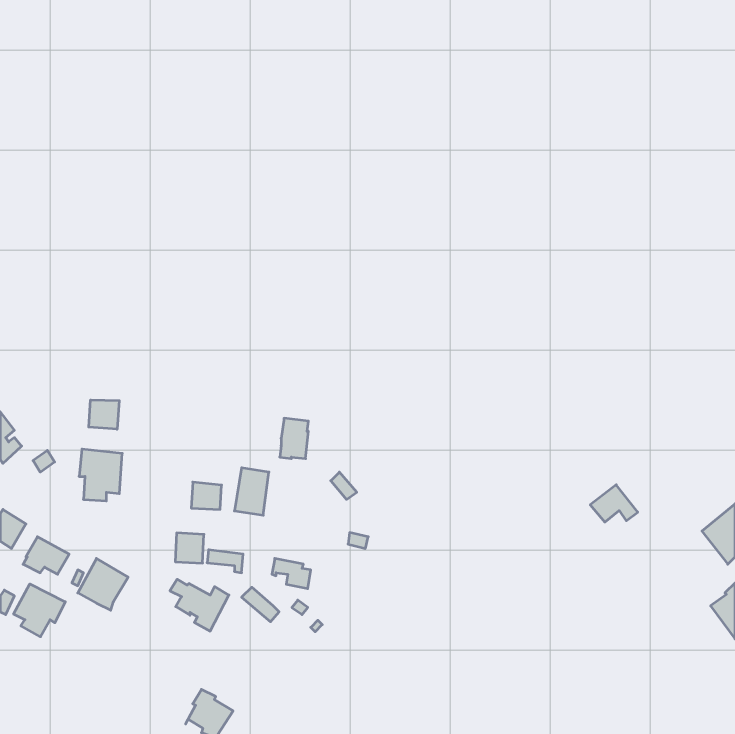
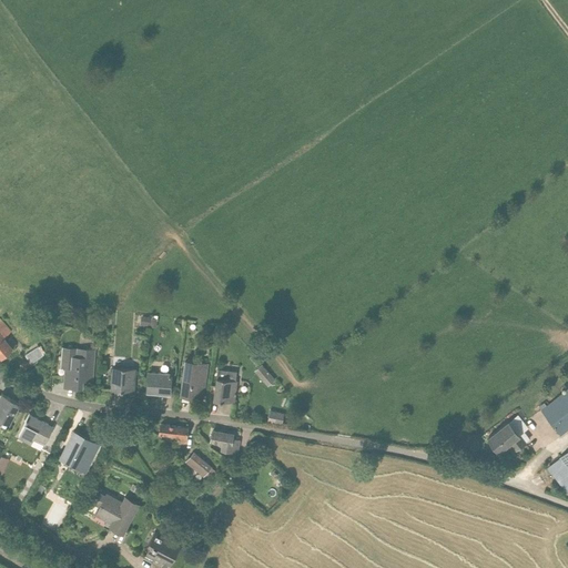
building: [89,400,119,429] -> none
building: [280,418,308,459] -> [214,371,236,402]
building: [590,485,638,522] -> [488,423,525,452]
building: [175,533,204,563] -> [112,368,134,392]
building: [170,579,229,631] -> [92,493,138,532]
building: [14,584,65,637] -> none

